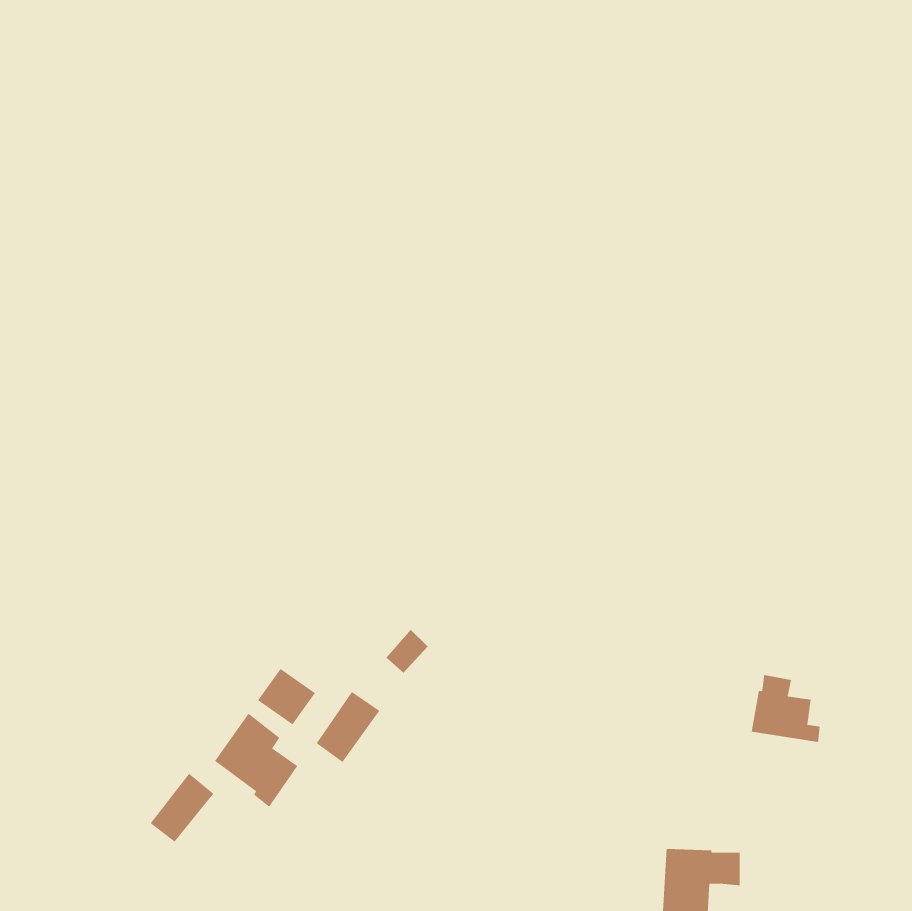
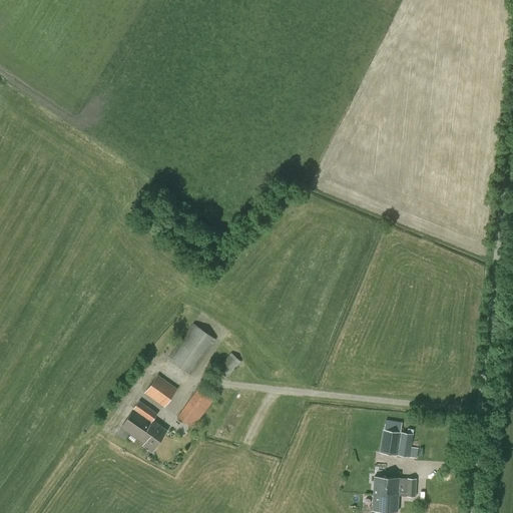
building: none -> [167,324,215,376]
building: [751,675,821,742] -> [379,421,418,459]
building: [150,773,214,842] -> none

